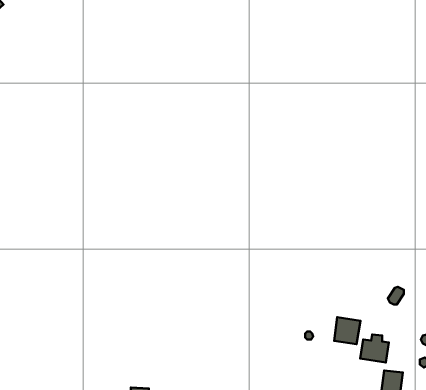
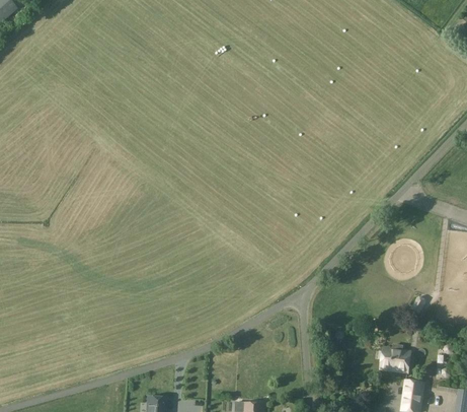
building: [334,317,360,344] -> none

